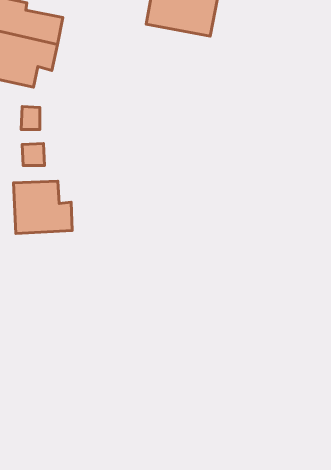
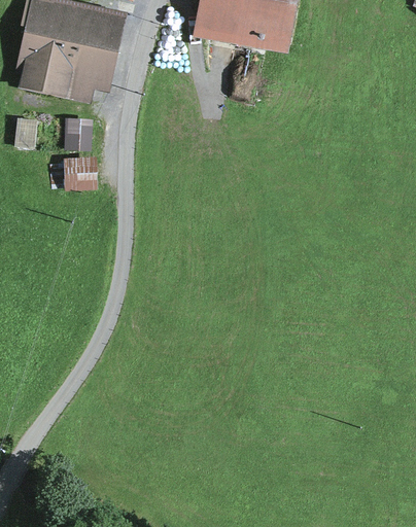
building: [14,181,72,233] -> none

